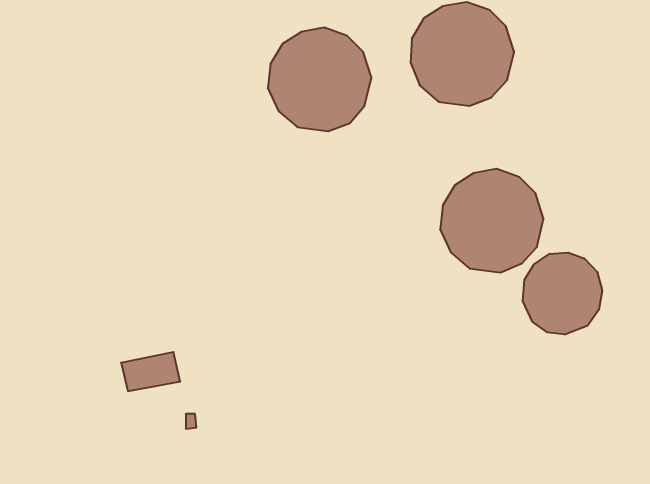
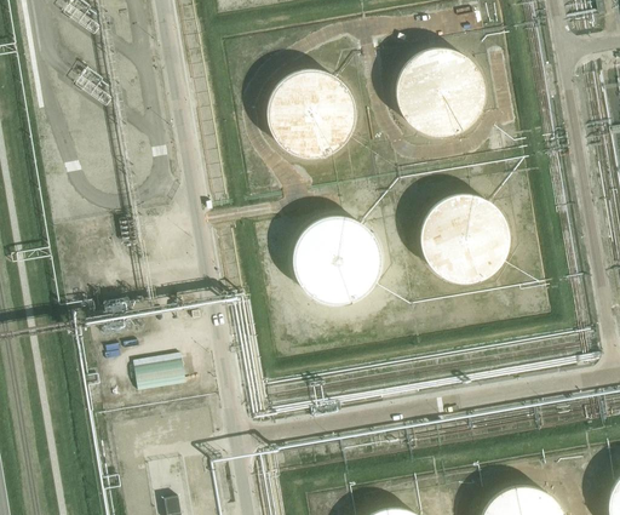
building: none -> [292,212,385,305]
building: [523,253,602,335] -> none

